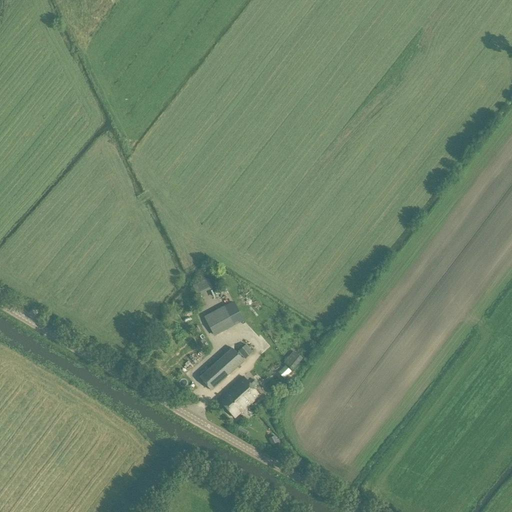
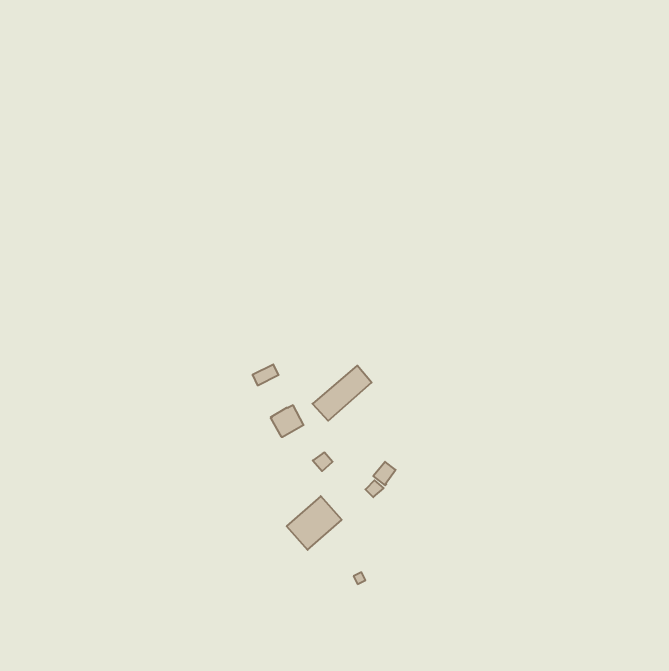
building: [201,348,246,390] -> [312,366,372,421]

